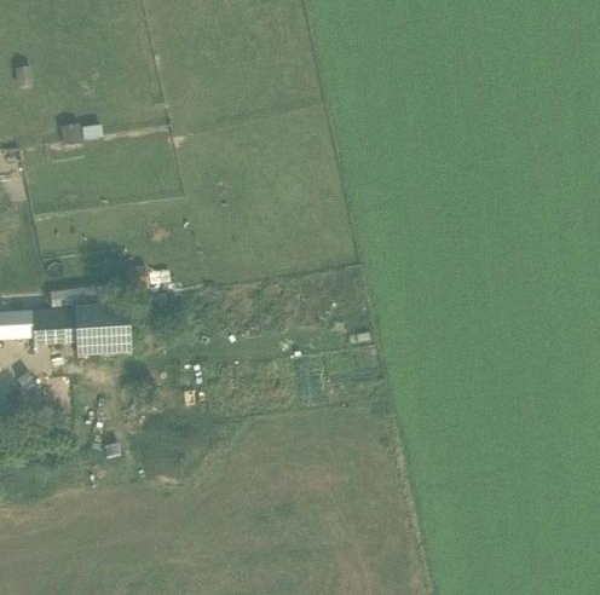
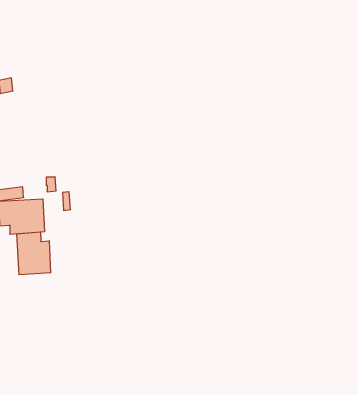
building: none -> [17,232,50,275]

